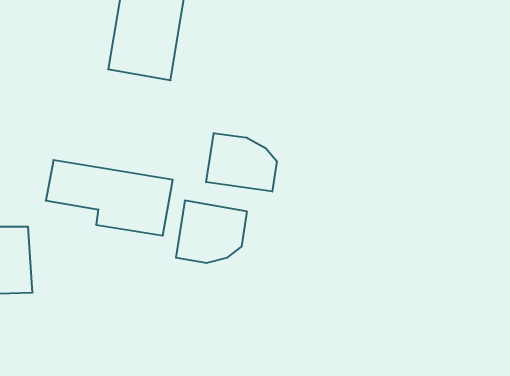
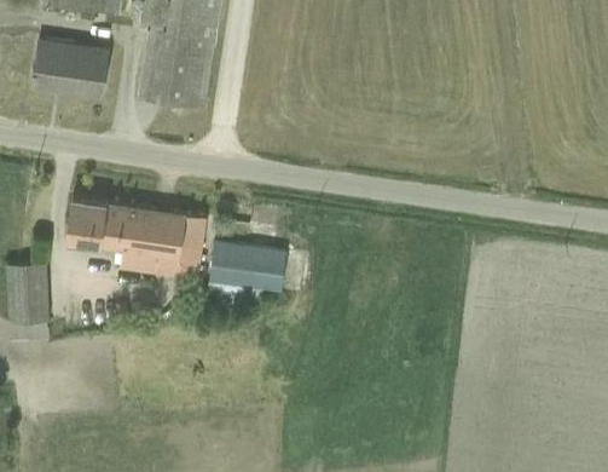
building: none -> [31,38,110,99]
building: [206,133,277,192] -> none

